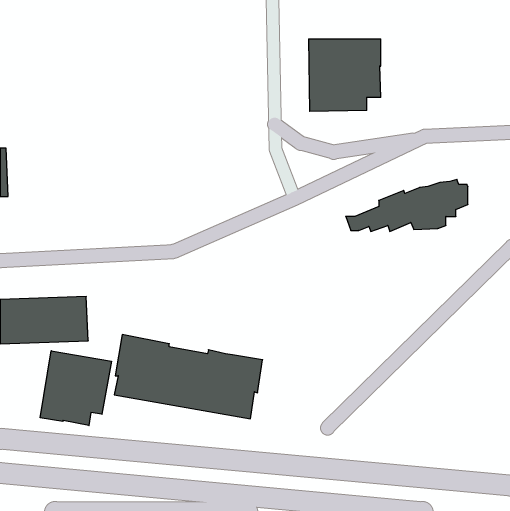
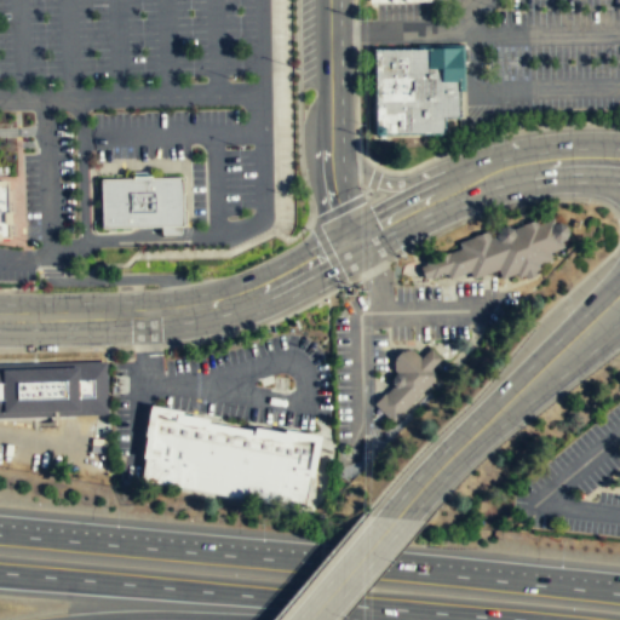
building: none -> [102,177,184,229]
building: none -> [375,348,443,421]
building: [40,351,111,426] -> none

